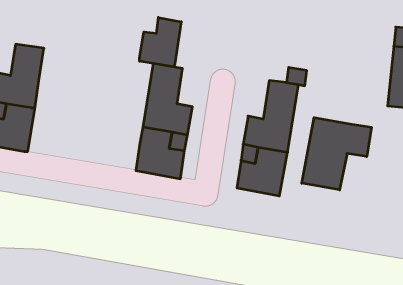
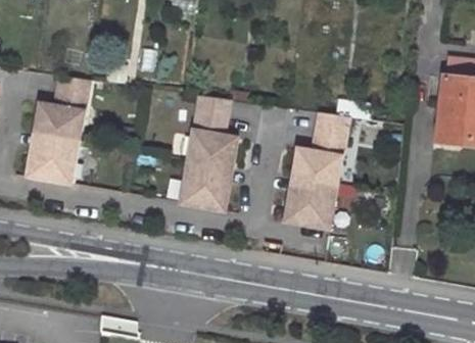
building: [140,17,181,67] -> none
building: [302,118,371,190] -> none

